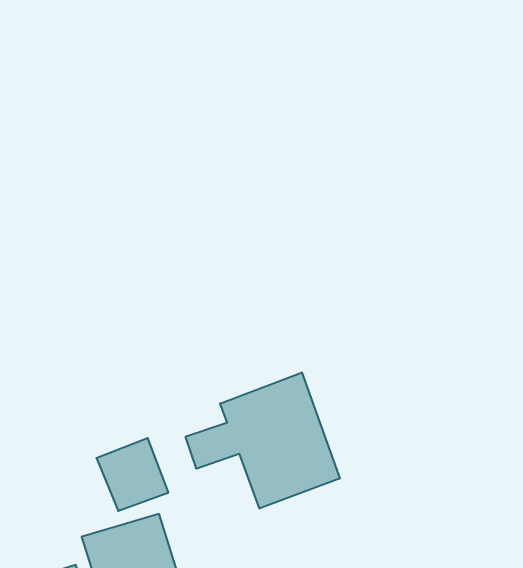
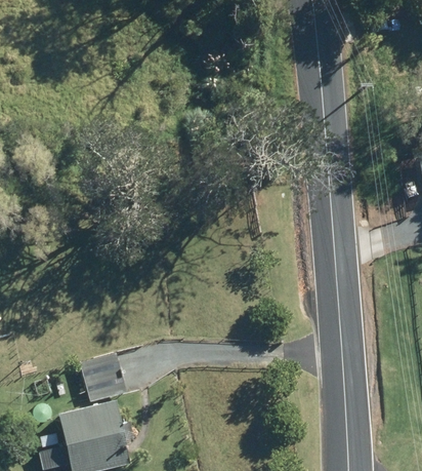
building: [186,372,340,509] -> none

